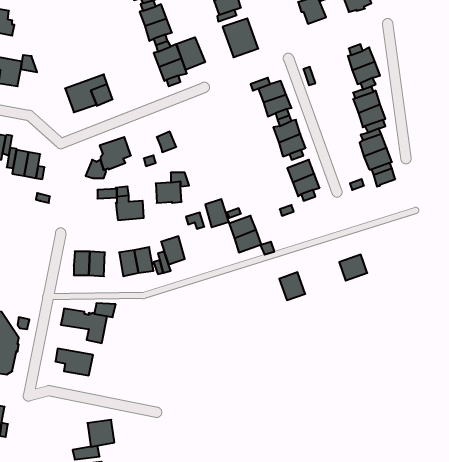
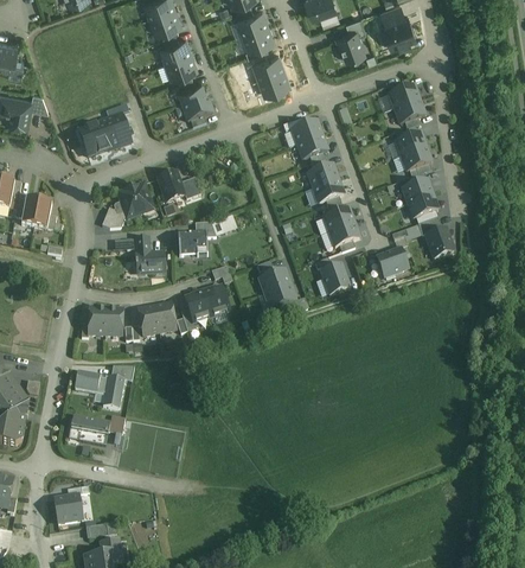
building: [176,37,205,70] -> none
building: none -> [156,170,184,200]
building: none -> [424,226,453,257]
building: [205,199,229,227] -> [203,285,229,315]
building: [339,255,367,281] -> [376,248,406,276]
building: [279,272,305,300] -> [320,263,348,294]
building: [87,420,114,447] -> [55,493,84,523]

